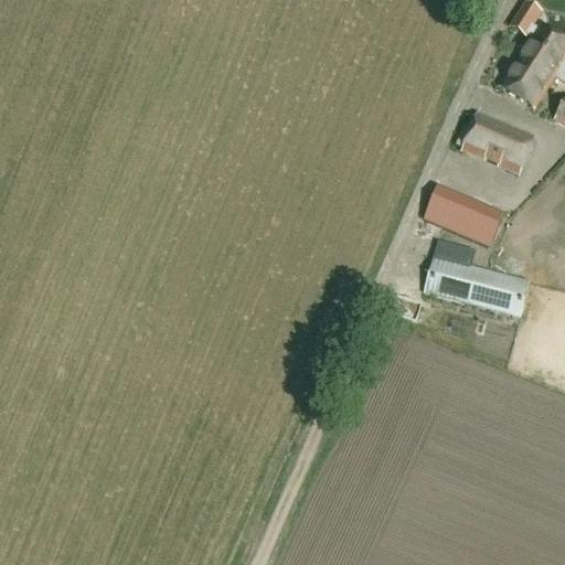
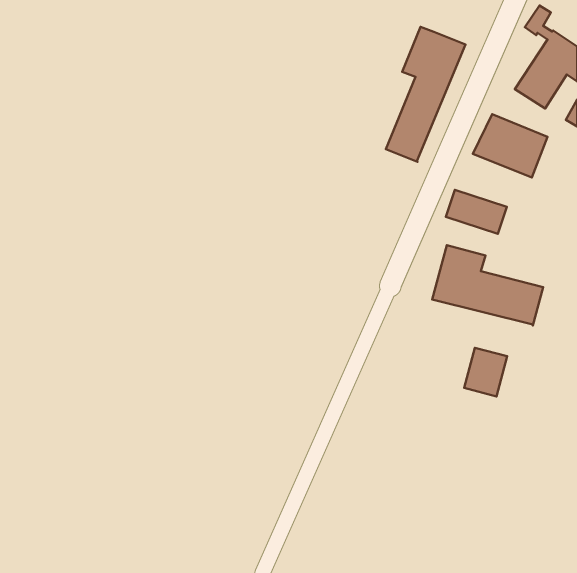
building: none -> [386,27,465,162]
building: none -> [464,348,507,396]

